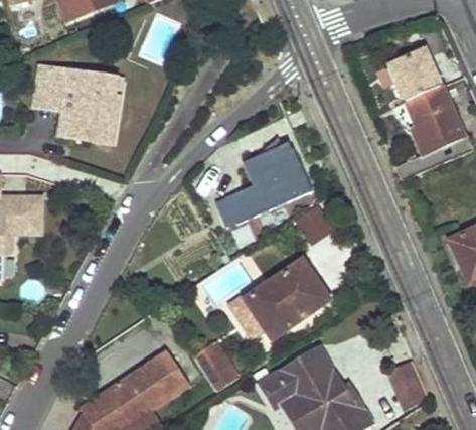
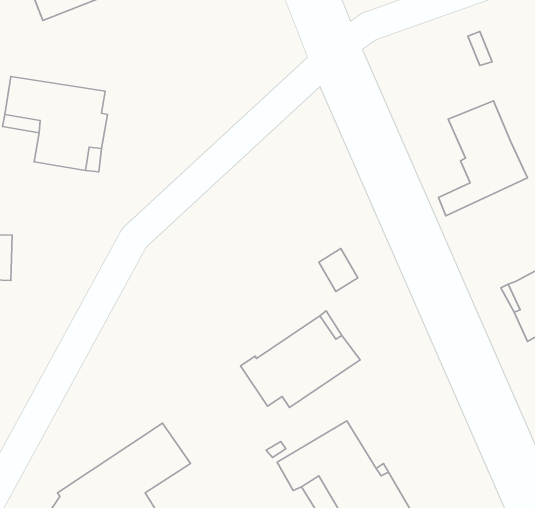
building: [386,48,440,100] -> none
building: [215,141,312,224] -> none
building: [193,339,242,391] -> none
building: [387,362,426,408] -> none

